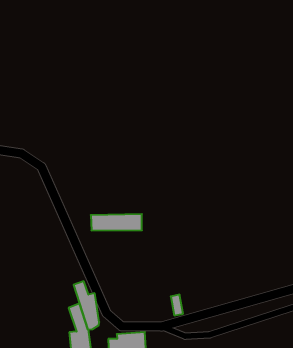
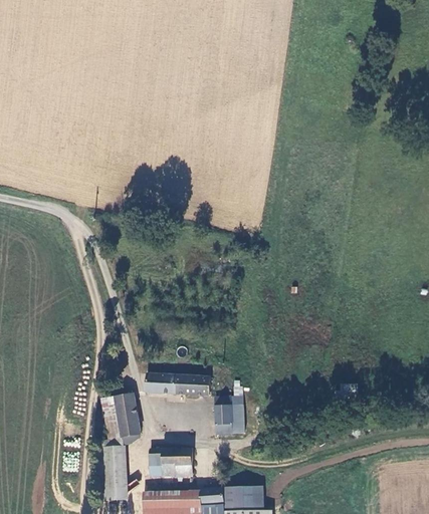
building: [91,214,142,230] -> [146,372,210,398]
building: none -> [214,396,234,435]

